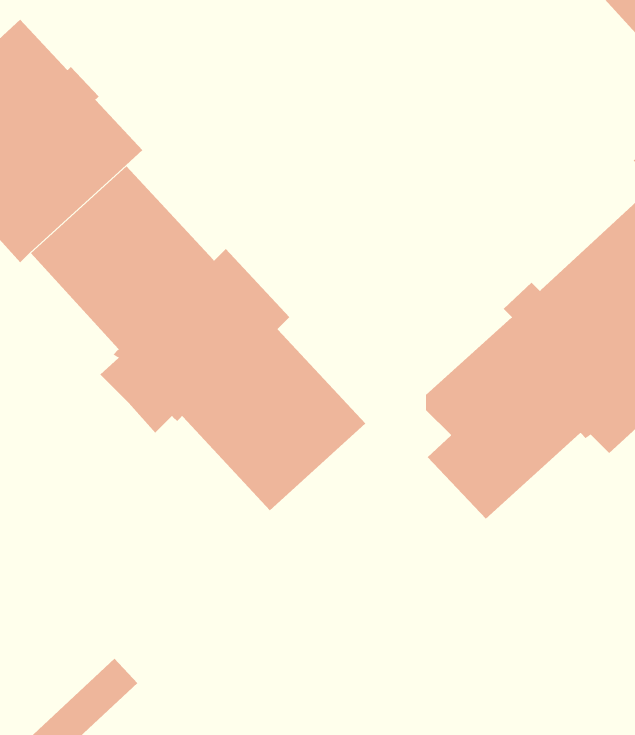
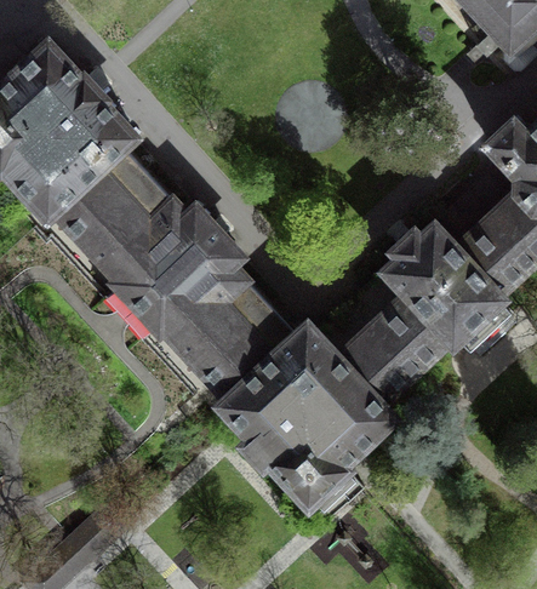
building: none -> [222,322,398,514]

